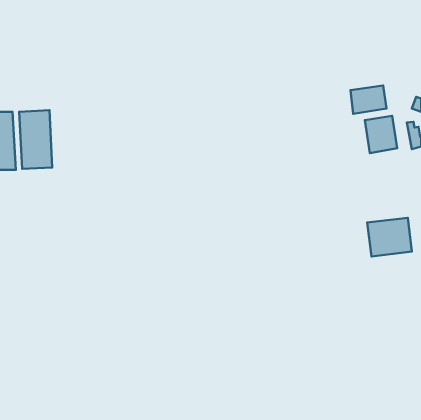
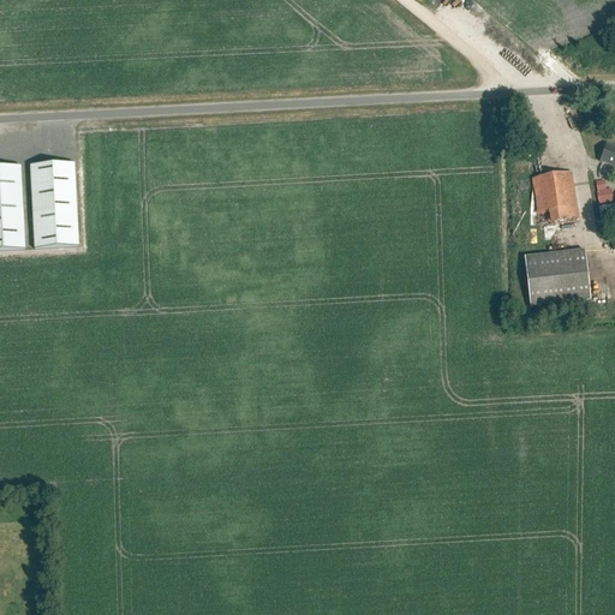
building: [351,85,387,114] -> none
building: [367,218,412,257] -> [527,247,592,304]

